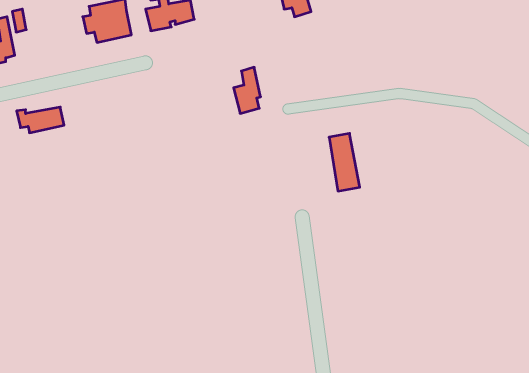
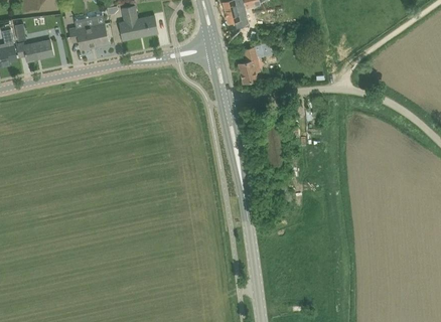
building: [234,67,261,113] -> [238,47,259,84]
building: [17,107,64,133] -> [16,41,53,61]

